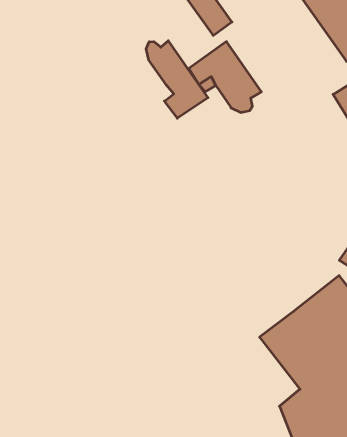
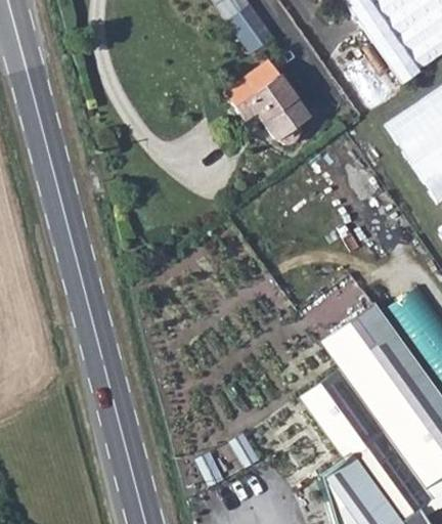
building: [146,41,208,118] -> none
building: none -> [321,300,394,367]

